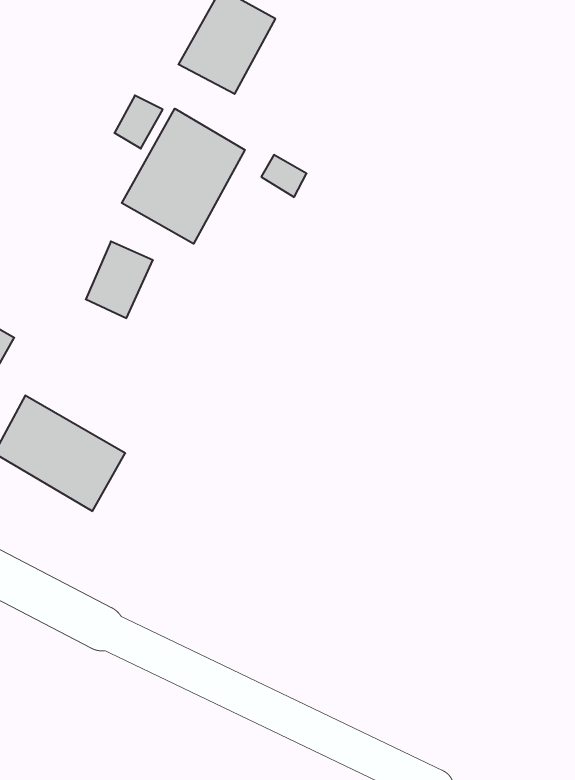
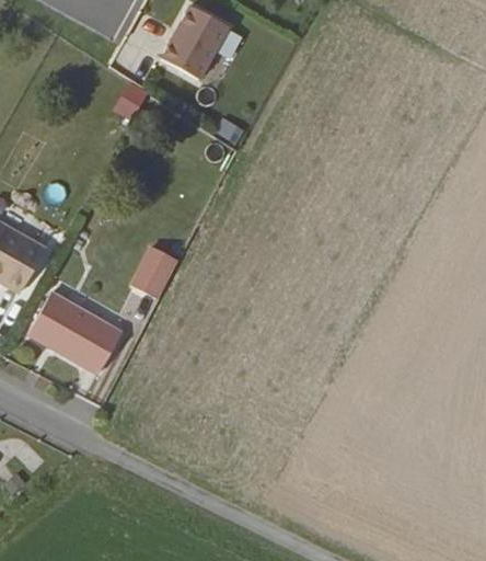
building: [122,109,245,244] -> none
building: [86,241,153,318] -> [136,249,183,302]

